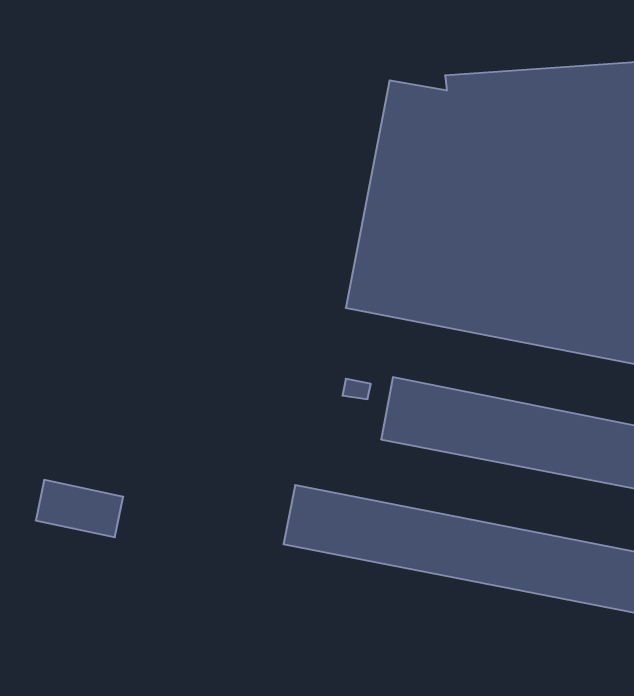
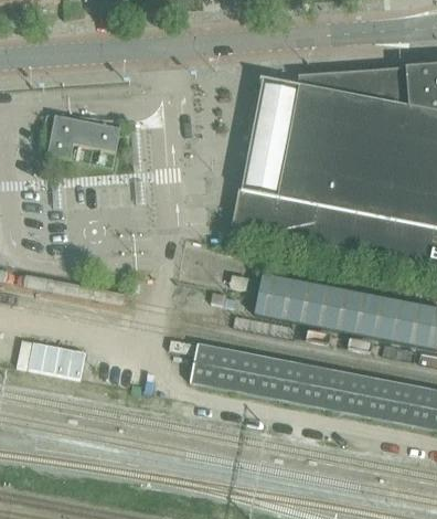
building: none -> [46,114,119,157]

